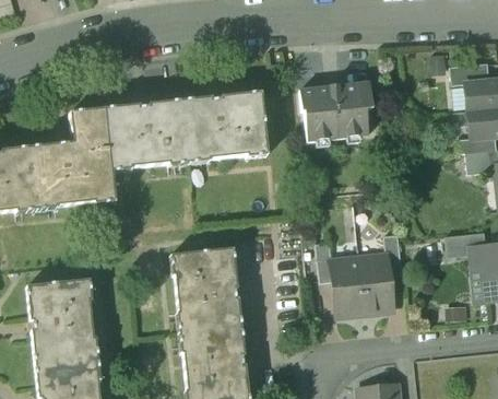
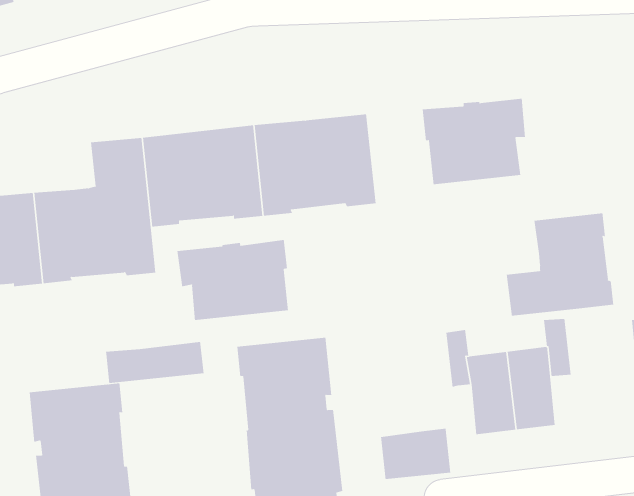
building: none -> [506,213,614,316]
building: none -> [177,239,289,321]
building: none -> [105,341,204,384]
building: none -> [381,428,451,480]

